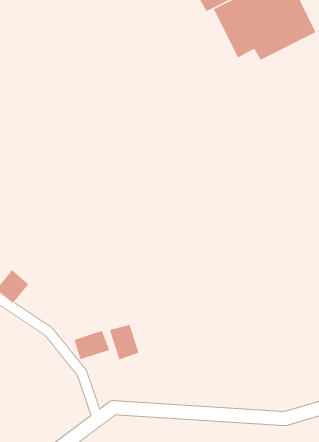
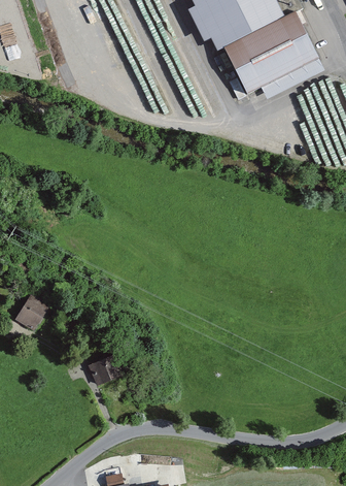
building: [109,324,140,361] -> none

